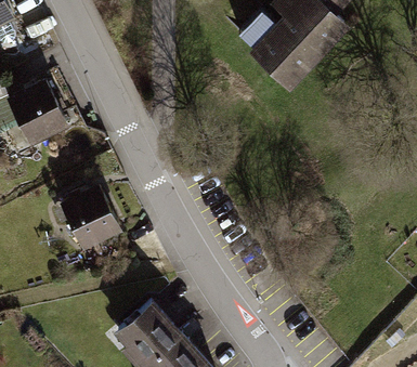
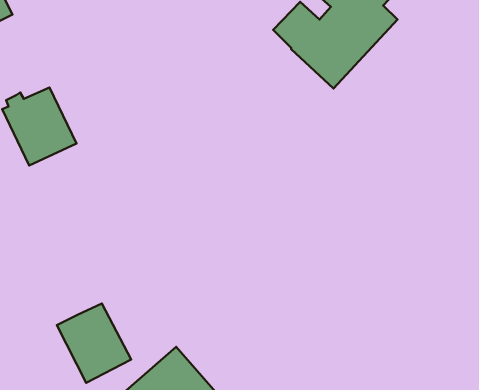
building: [63,189,126,257] -> [57,303,131,383]

